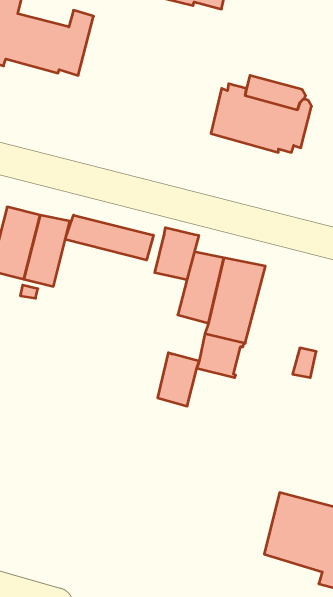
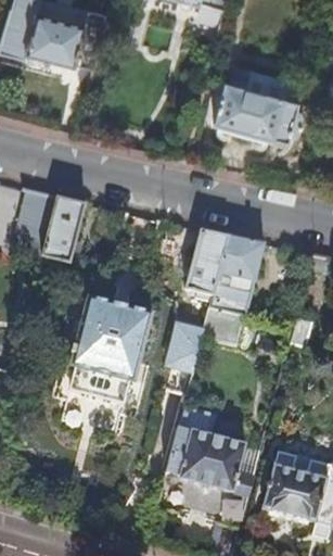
building: [65,215,153,260] -> none
building: [155,228,199,280] -> none
building: none -> [71,295,151,403]
building: none -> [166,417,254,497]

